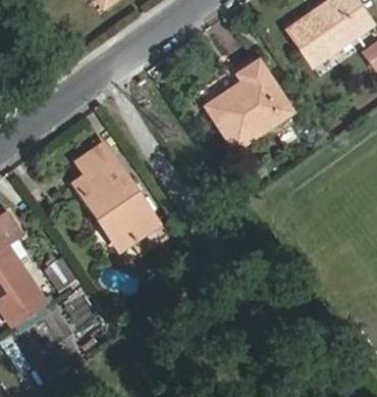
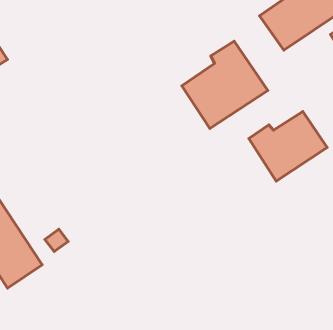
building: none -> [249,111,327,181]
building: [70,140,162,252] -> none

